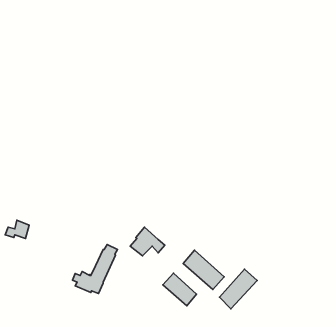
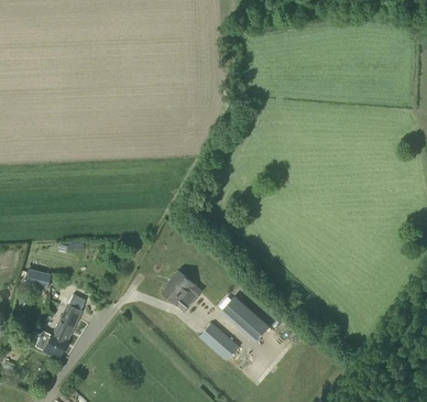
building: [72,245,118,294] -> [31,298,83,355]
building: [219,269,257,309] -> none

